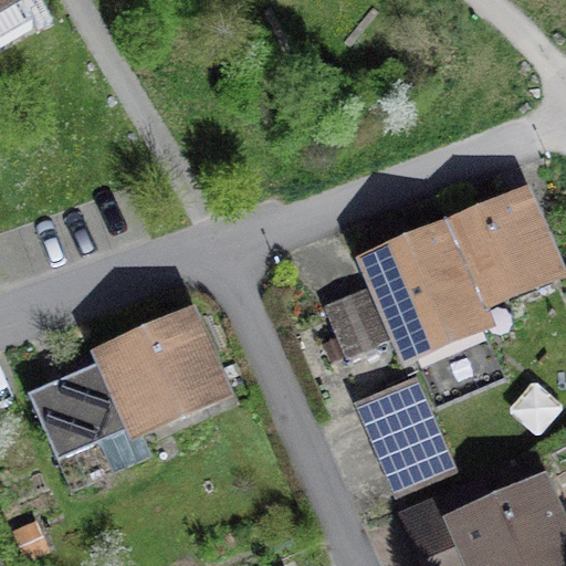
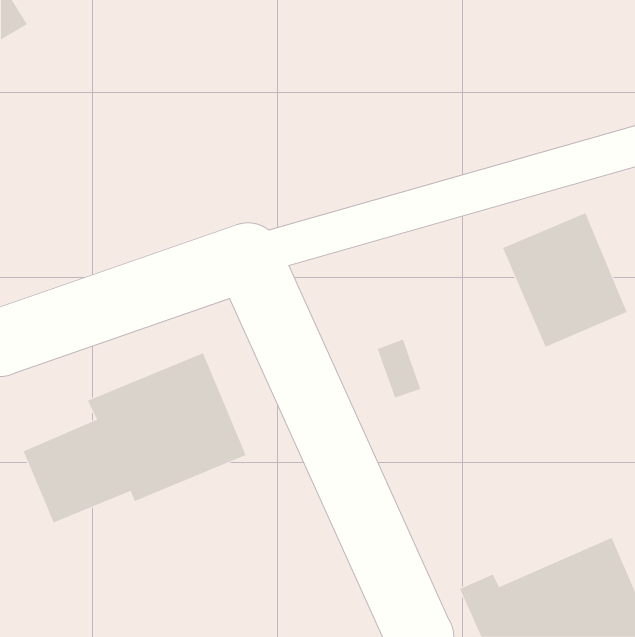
building: [356,219,490,363] -> none
building: [364,381,461,497] -> none

